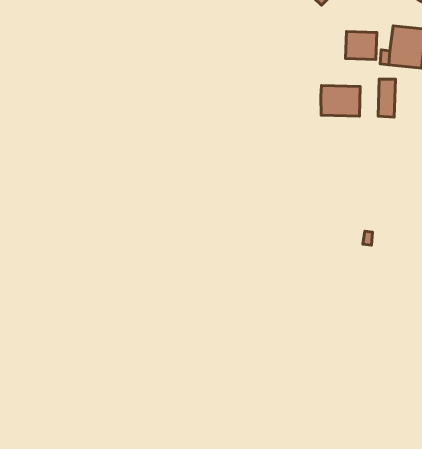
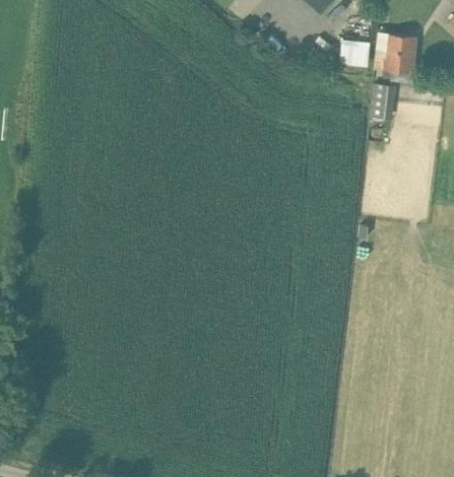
building: [321,85,360,116] -> none

